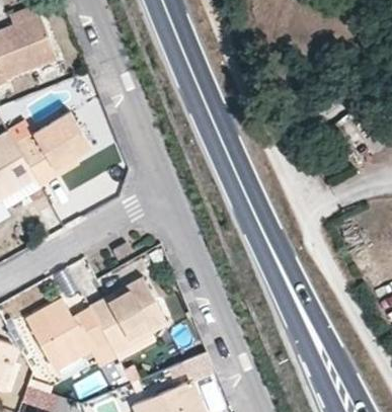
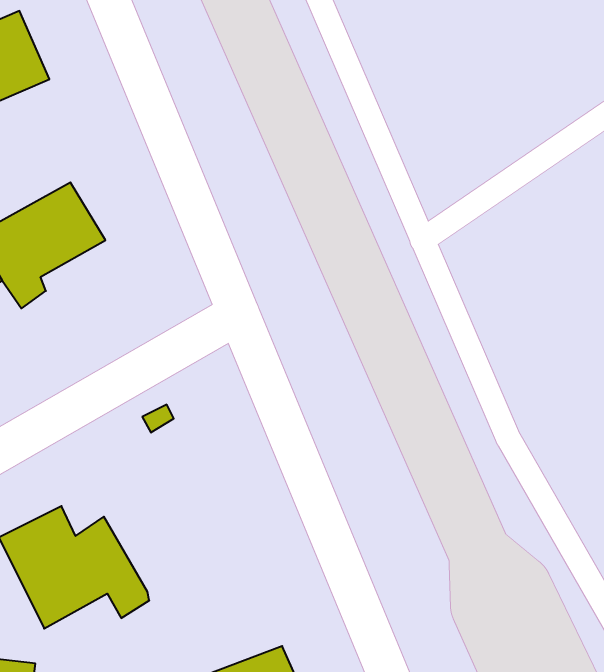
building: [89,278,165,350] -> none

